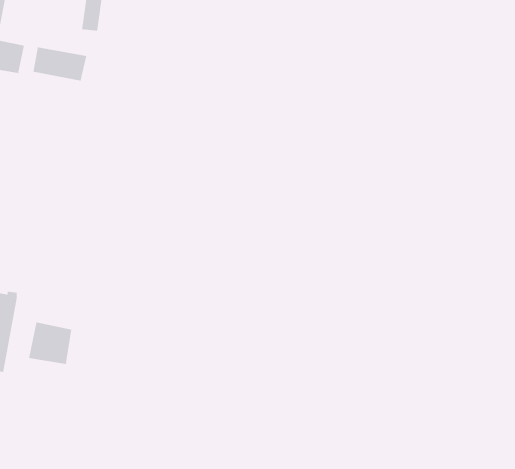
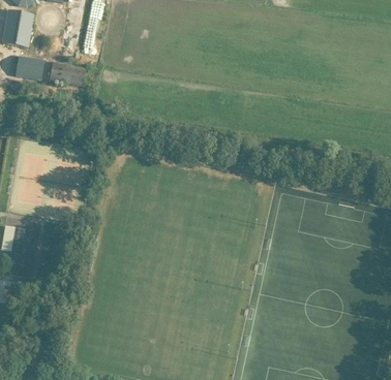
building: [28,321,72,365] -> none

